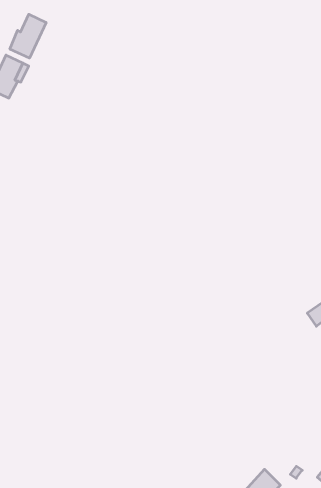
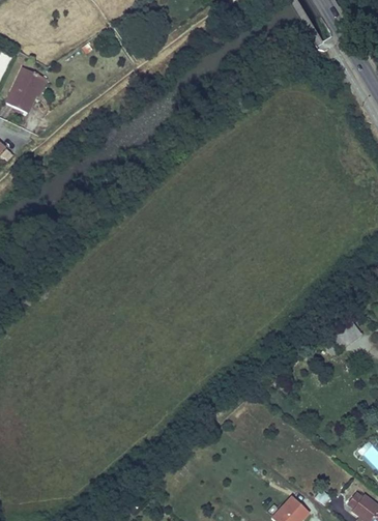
building: [10,14,46,58] -> none

